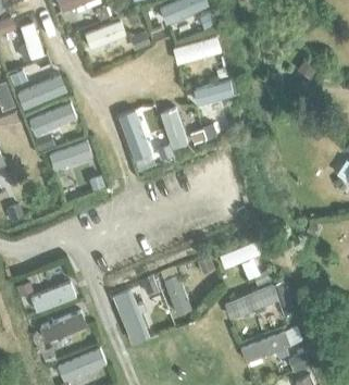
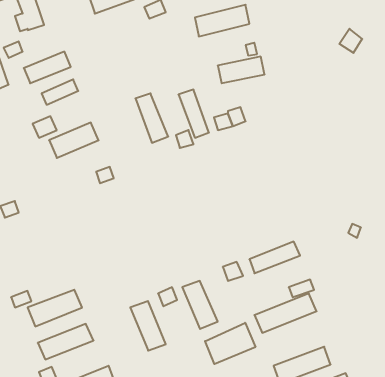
building: none -> [205,323,255,364]

